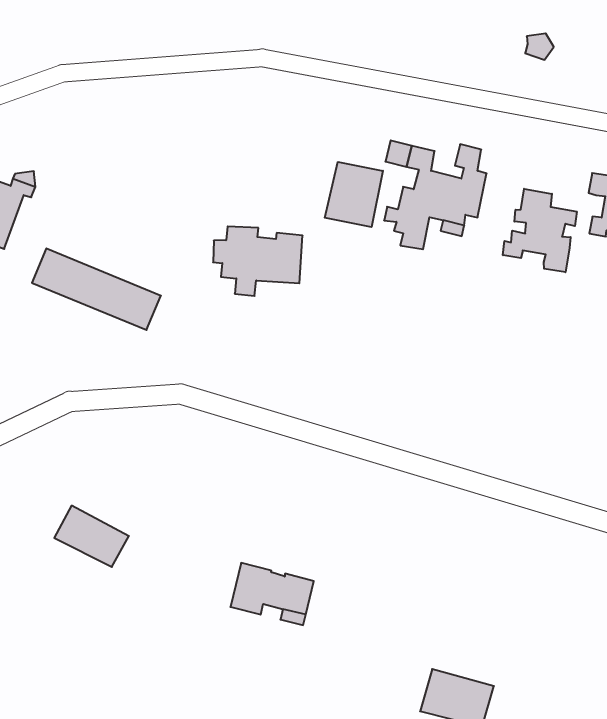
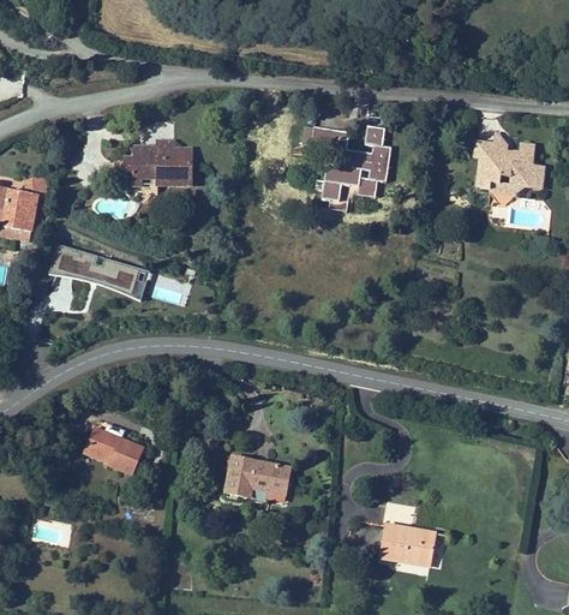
building: [325,162,383,227] -> none
building: [503,189,577,272] -> none
building: [213,226,303,296] -> [116,143,186,196]

